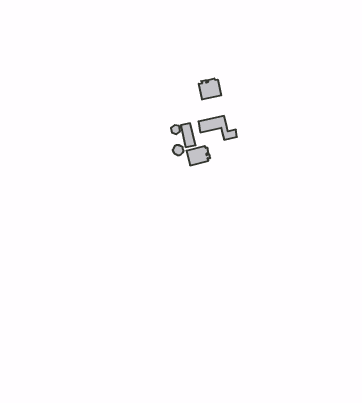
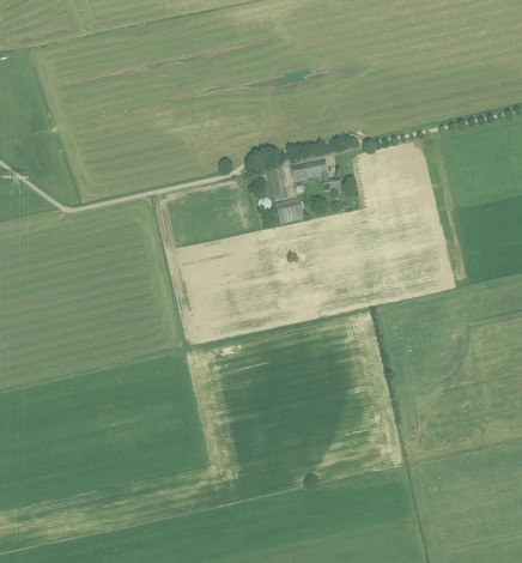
building: [199,78,221,100] -> none

